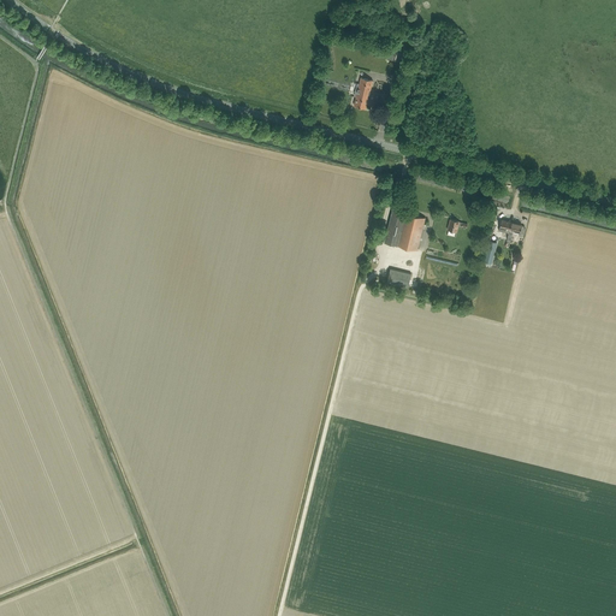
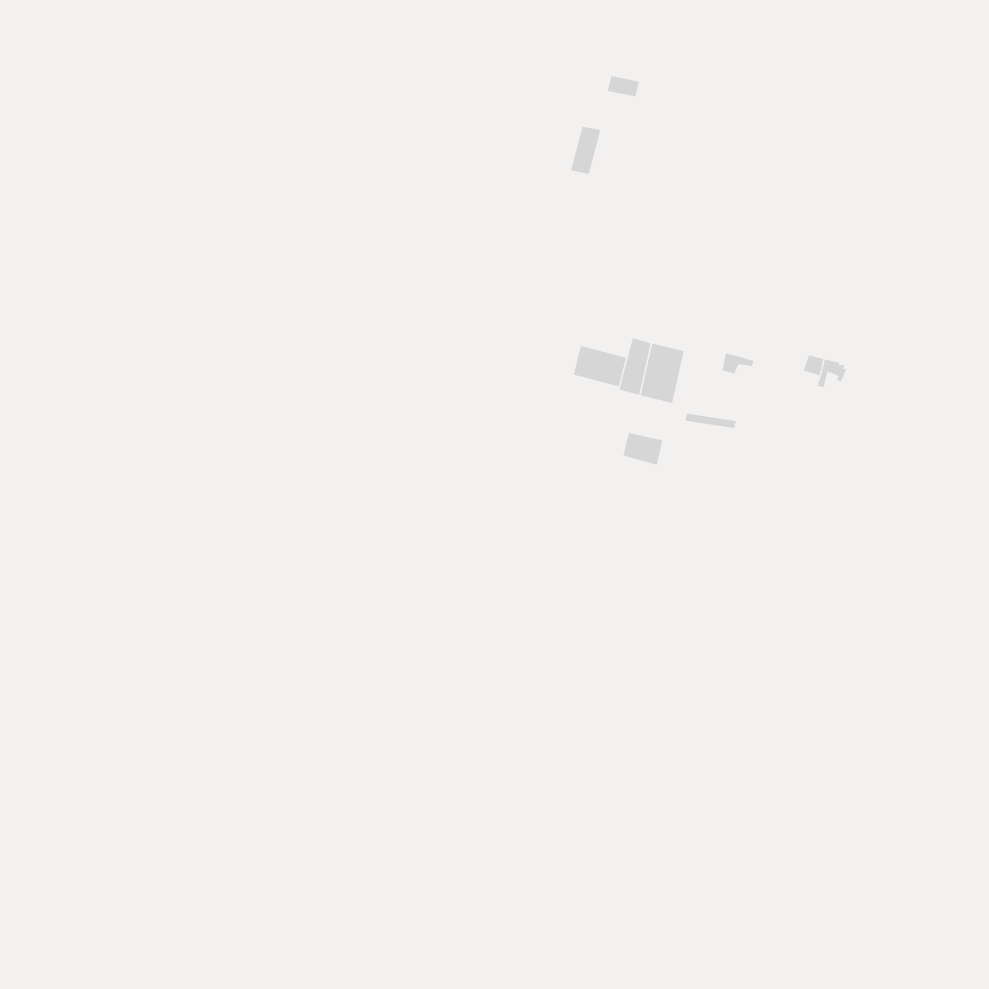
building: none -> [573,345,627,387]

